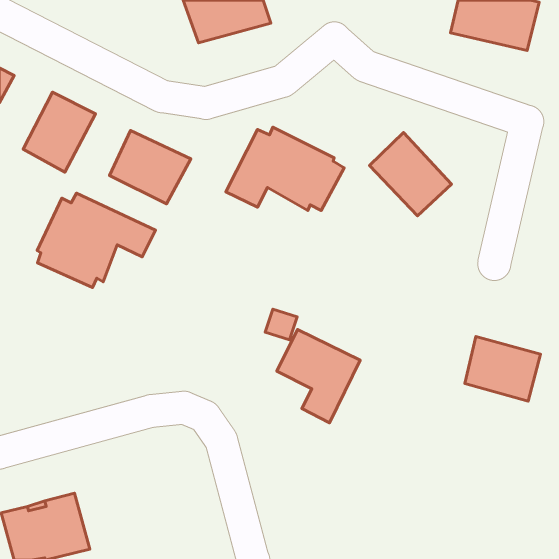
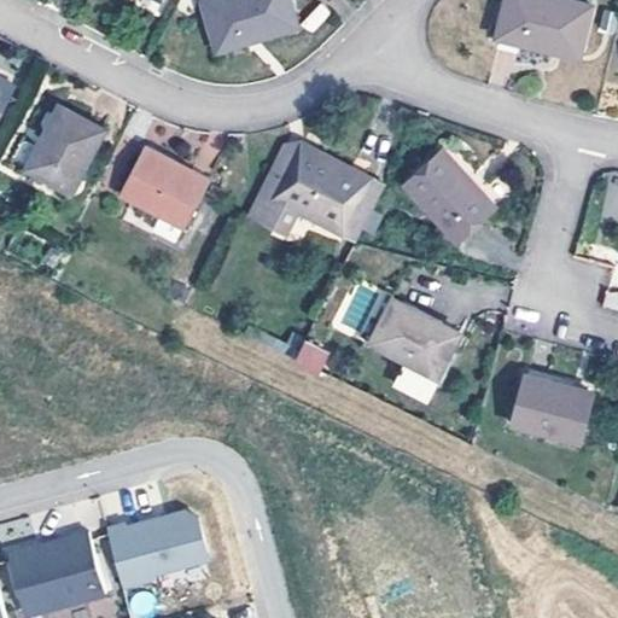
building: [37,193,155,288] -> none
building: [277,330,360,423] -> [367,297,459,400]
building: none -> [100,524,202,599]

